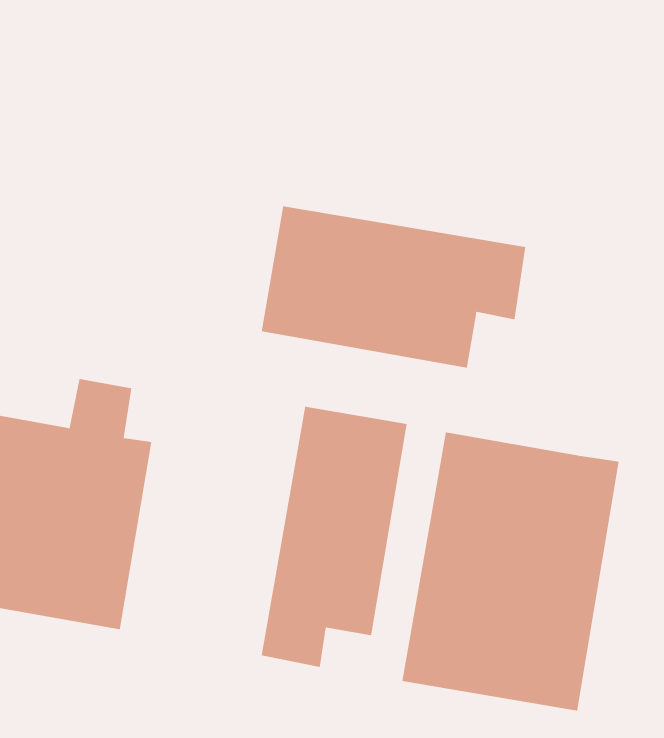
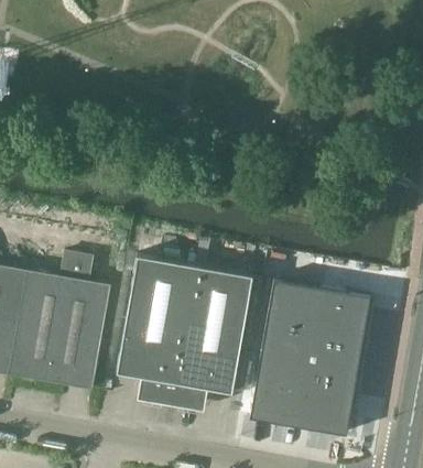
building: [261,205,526,368] -> none
building: none -> [116,254,194,403]

